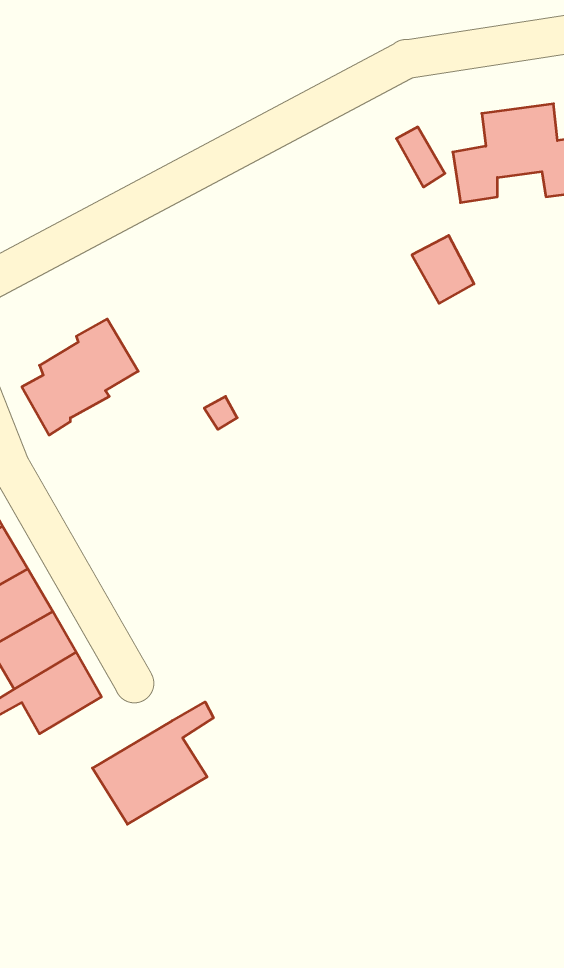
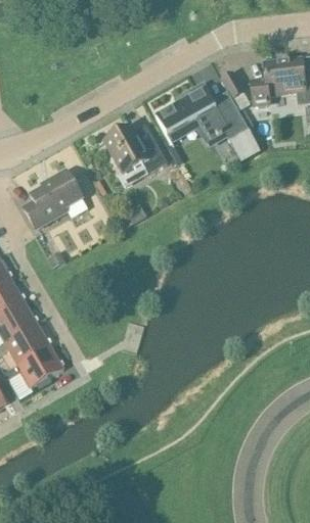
building: none -> [156,87,229,144]
building: none -> [103,125,167,174]
building: [92,702,213,824] -> none

